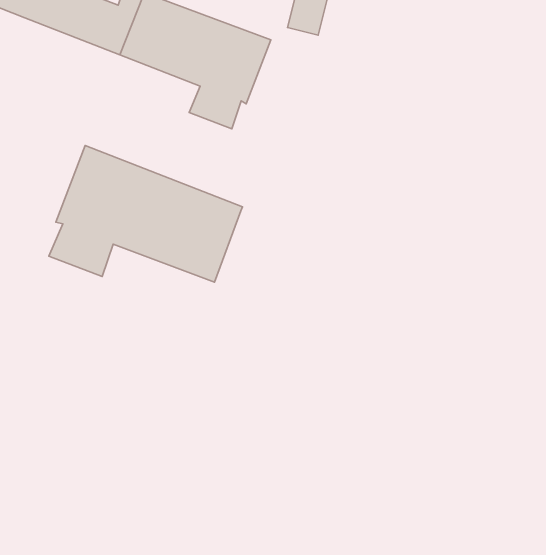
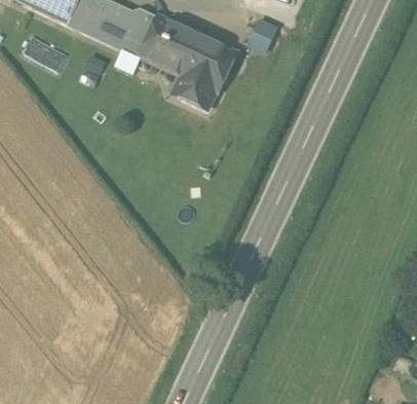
building: [49,146,242,282] -> none

